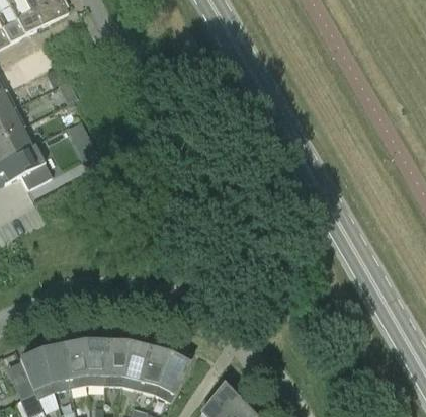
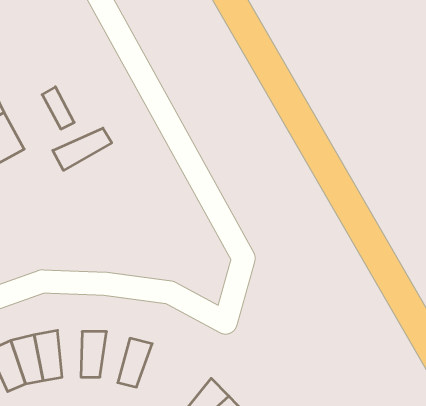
building: none -> [53,128,112,170]
building: [82,341,104,384] -> none
building: [120,342,148,389] -> none
building: [154,353,188,401] -> none

